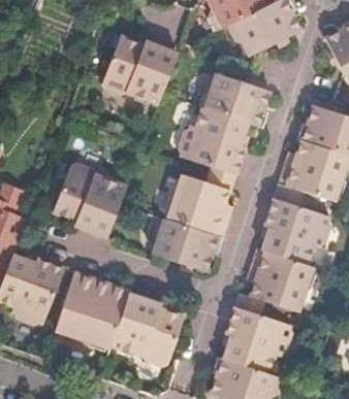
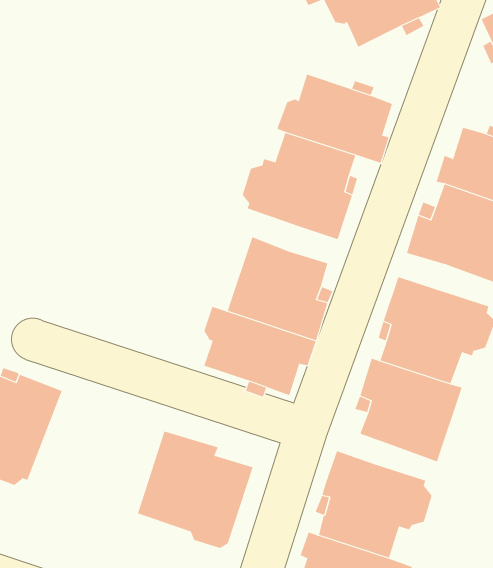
building: [103,34,179,102] -> none
building: [53,163,127,237] -> none
building: [56,272,129,348] -> none

